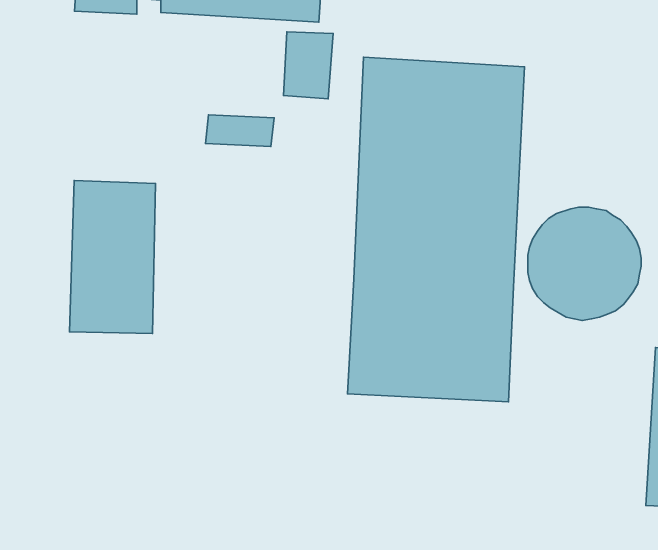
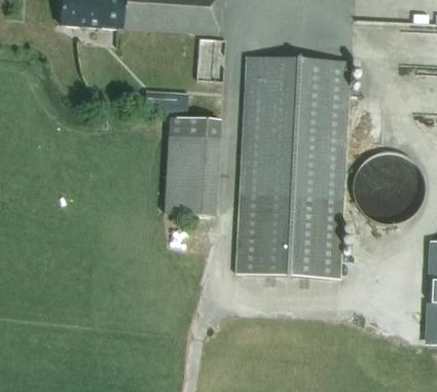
building: [69,180,156,333] -> [165,113,220,212]

